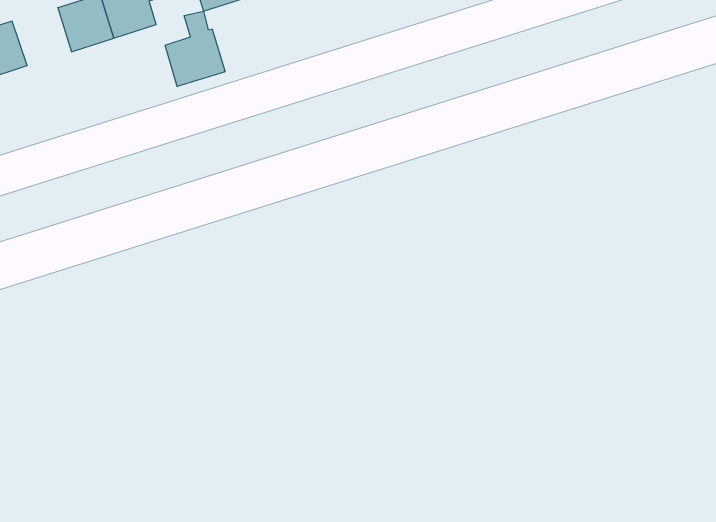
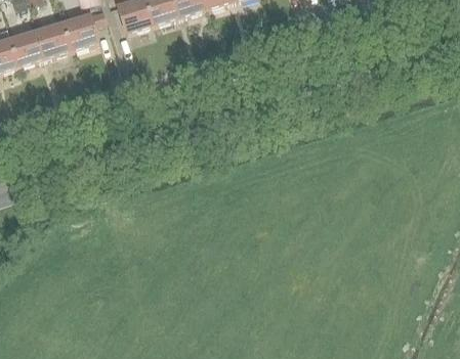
building: none -> [11,31,47,65]
building: [165,11,225,87] -> none

